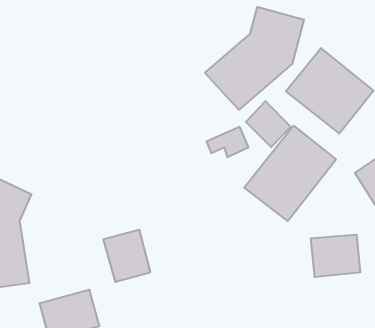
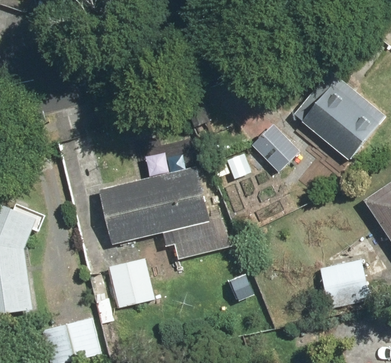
building: [205,7,304,110] -> none
building: [244,126,336,221] -> none
building: none -> [98,166,227,257]

